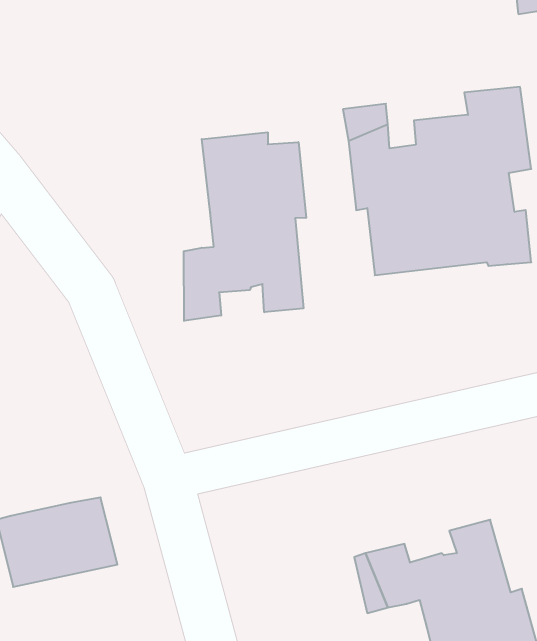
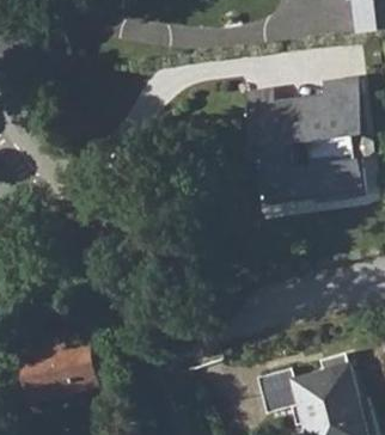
building: [184,132,306,321] -> none

